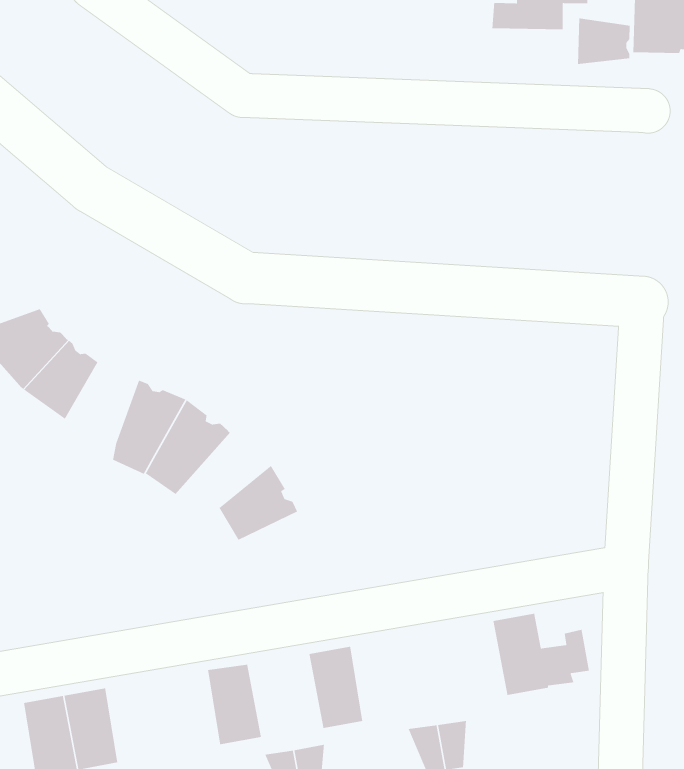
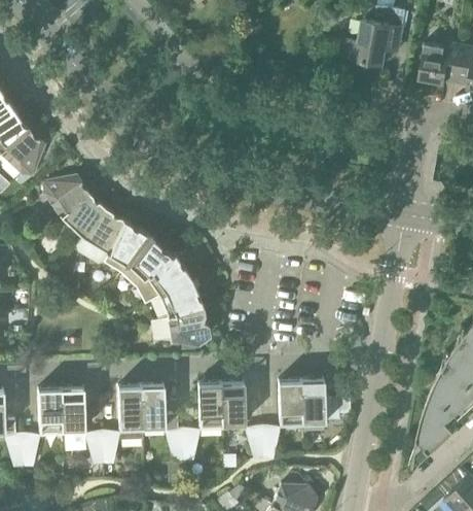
building: [577,18,630,65] -> none
building: none -> [76,209,125,265]
building: none -> [137,253,191,304]
building: none -> [154,306,209,344]
building: none -> [278,380,302,423]
building: none -> [221,382,246,425]
building: none -> [117,385,142,429]

